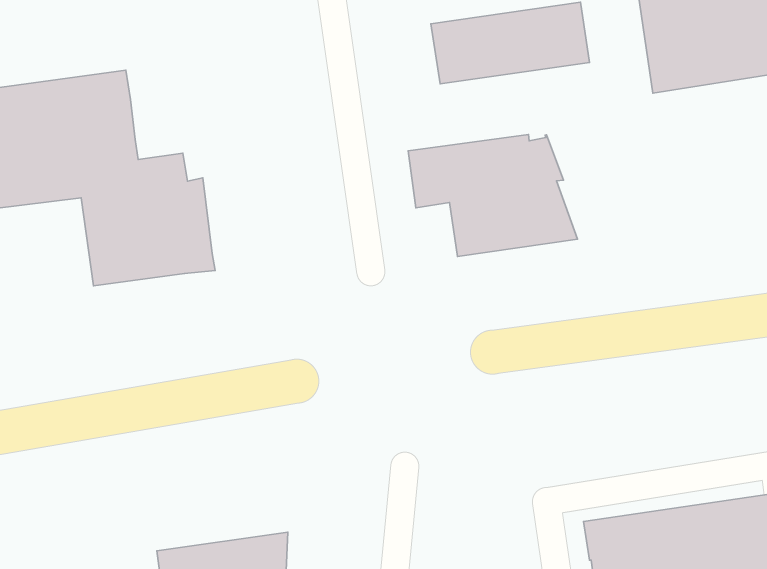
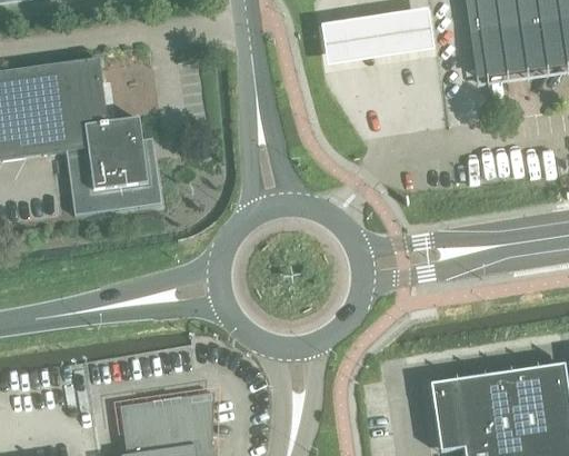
building: [408,135,578,257] -> none

